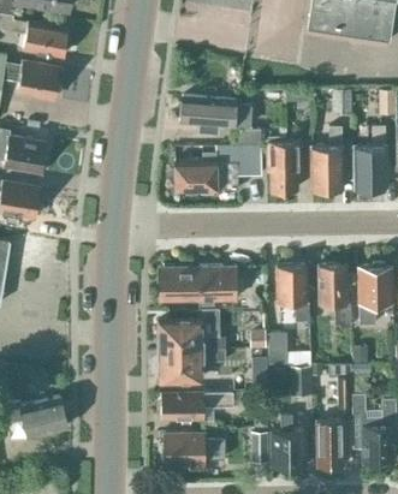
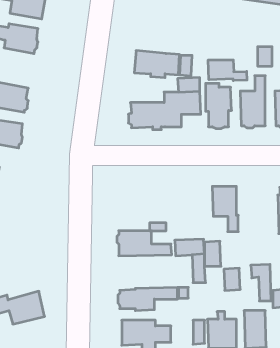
building: none -> [208,60,247,81]
building: [319,263,352,326] -> none
building: [159,266,237,300] -> none
building: [158,350,226,380] -> none

